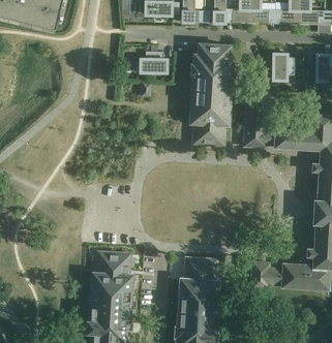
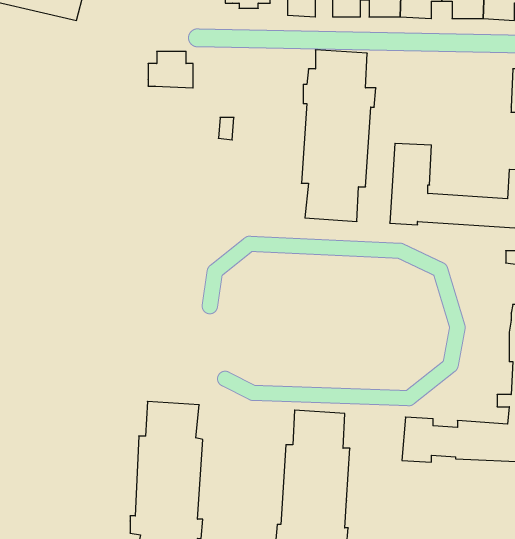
building: [140,52,167,73] -> [148,51,193,88]
building: [272,54,294,81] -> none

